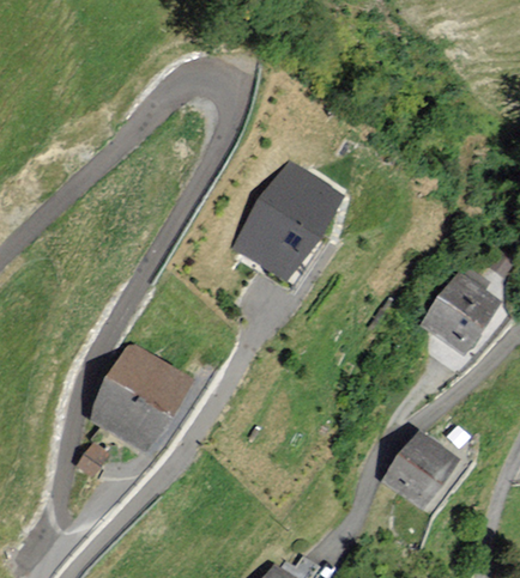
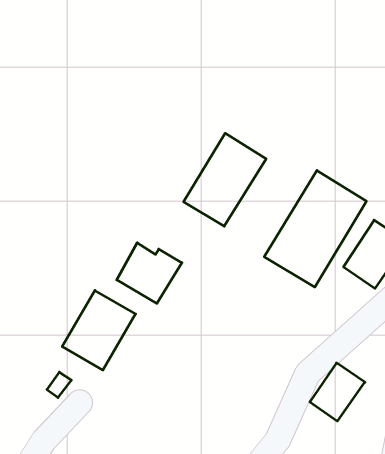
building: none -> [264,170,366,287]
building: none -> [117,243,182,303]

